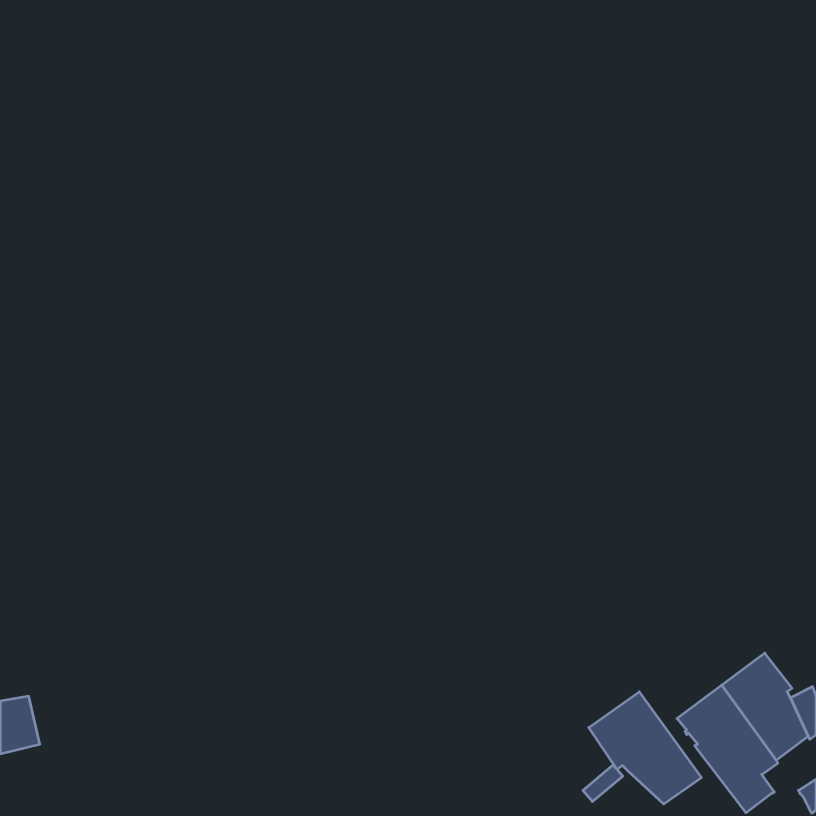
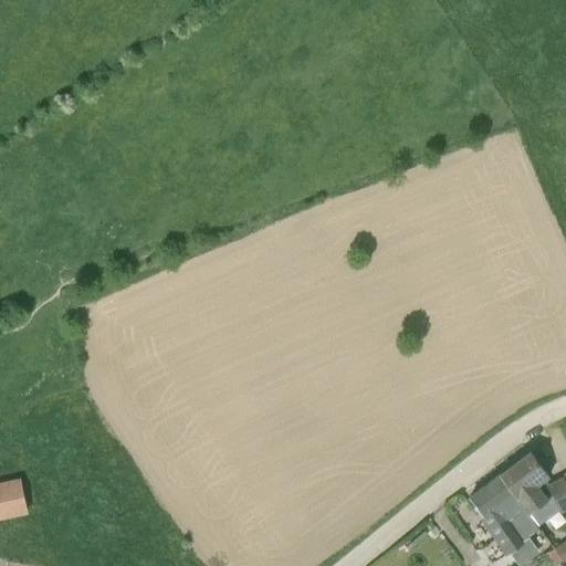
building: [589,692,701,804] -> none

